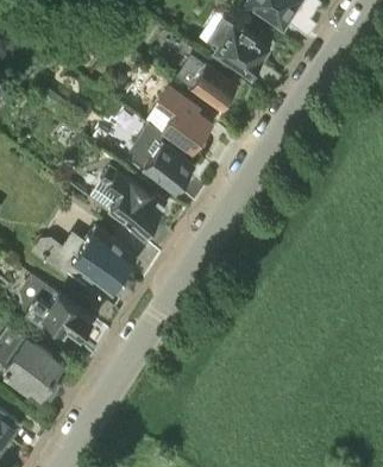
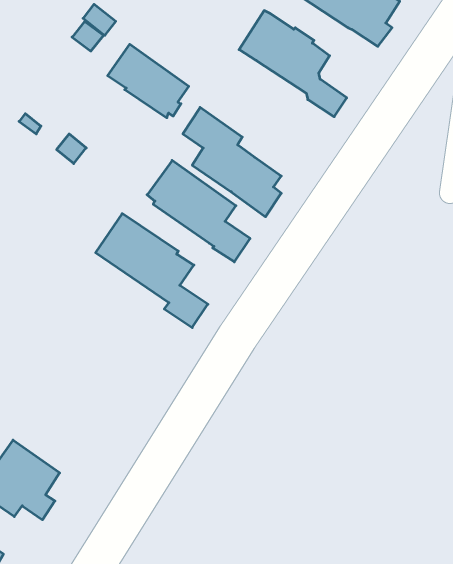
building: [172,55,234,111] -> [108,44,189,118]
building: [31,226,159,289] -> none
building: [24,295,109,353] -> none

